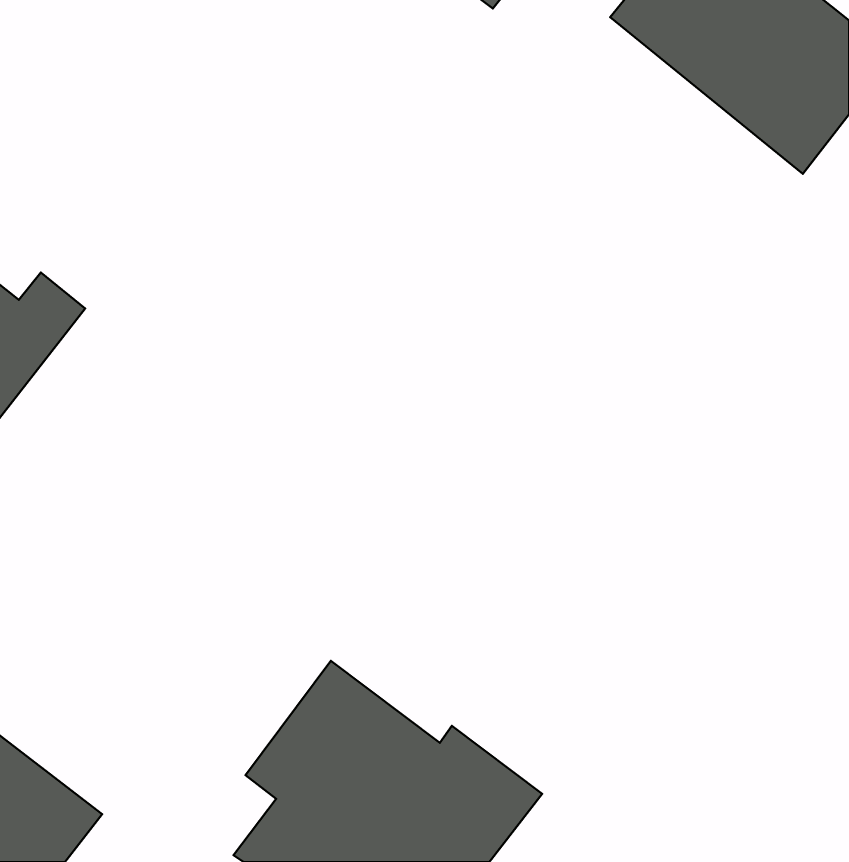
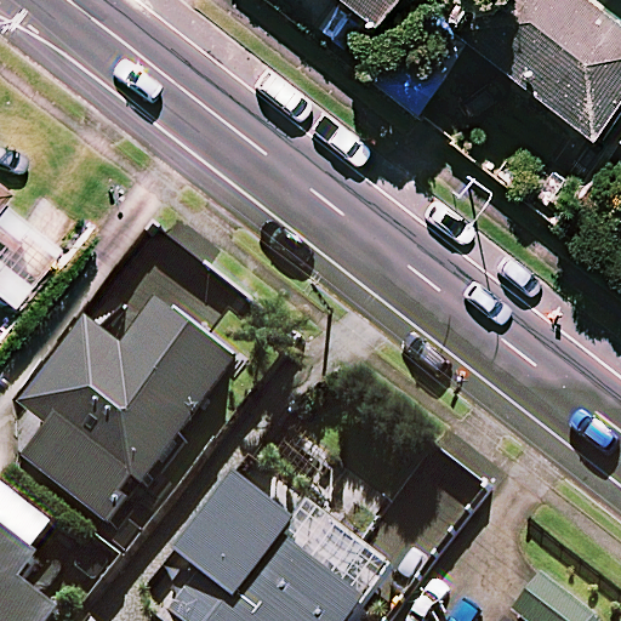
building: none -> [17,302,233,523]

